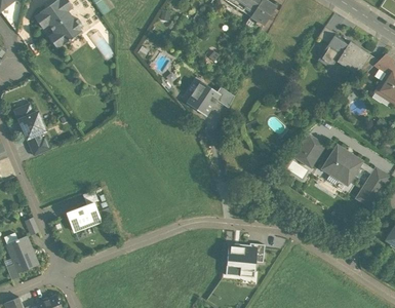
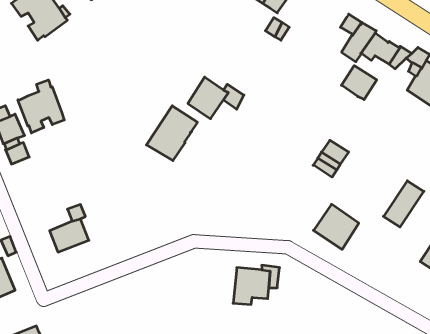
building: none -> [341,66,377,100]
building: none -> [18,80,64,133]
building: none -> [146,106,197,161]
building: [321,145,360,184] -> [313,204,359,249]

